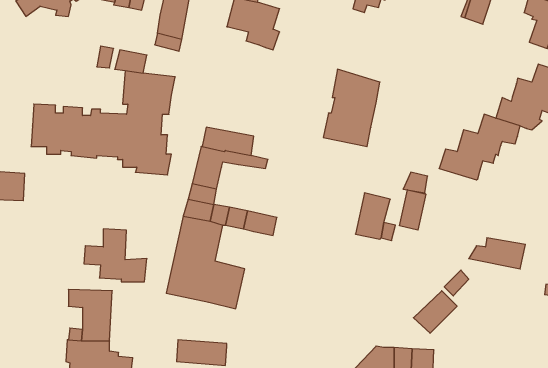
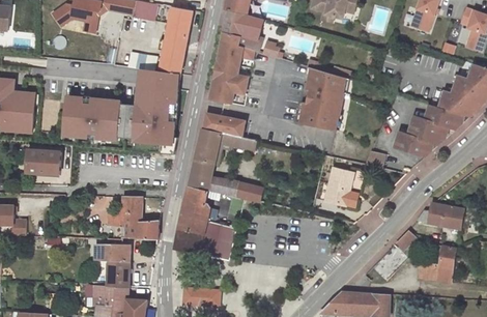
building: none -> [208,34,253,105]
building: none -> [161,49,183,74]
building: [400,190,426,230] -> none
building: none -> [419,243,456,282]

